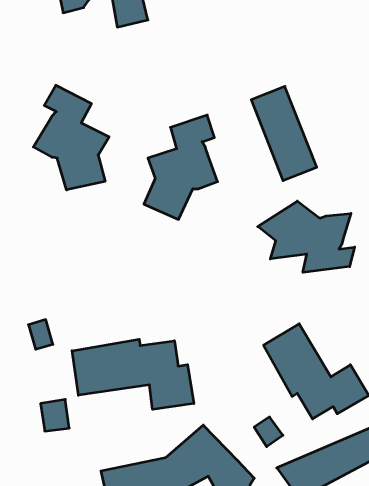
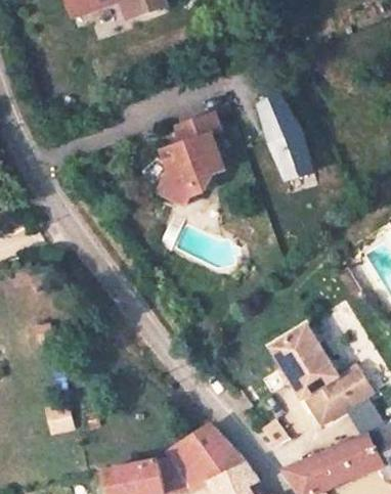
building: [33,85,109,190] -> none
building: [258,201,355,272] -> none
building: [72,339,194,409] -> none

